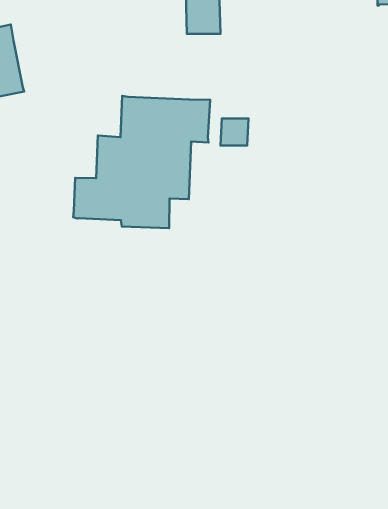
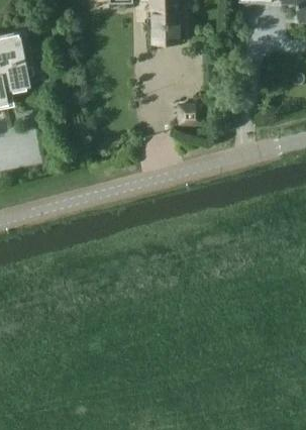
building: [73,96,210,228] -> none

